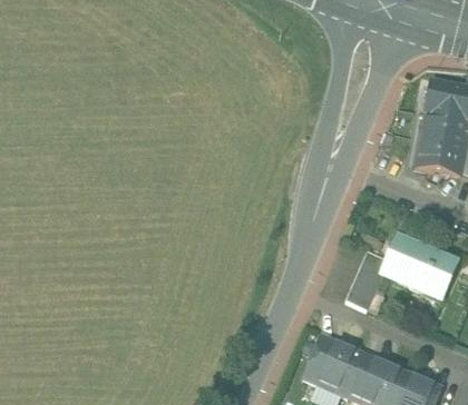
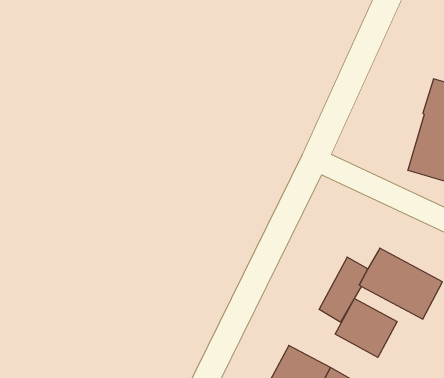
building: none -> [335,298,397,357]

